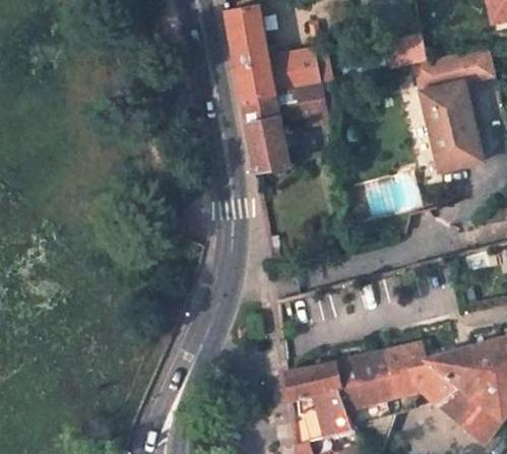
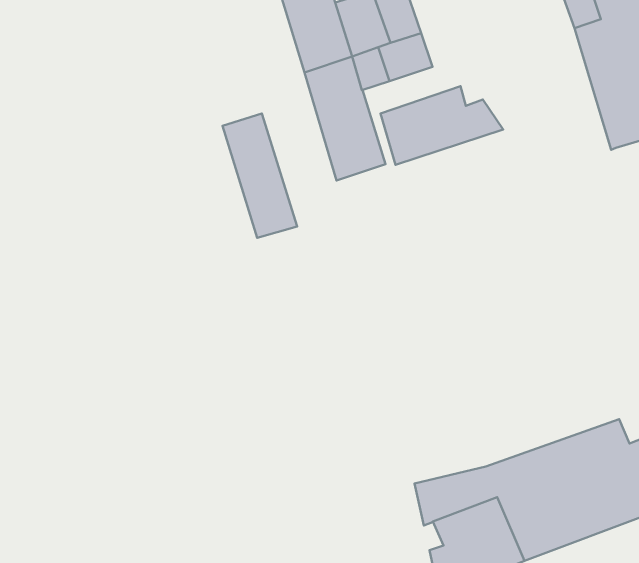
building: none -> [381,86,503,165]
building: none -> [222,113,297,238]

